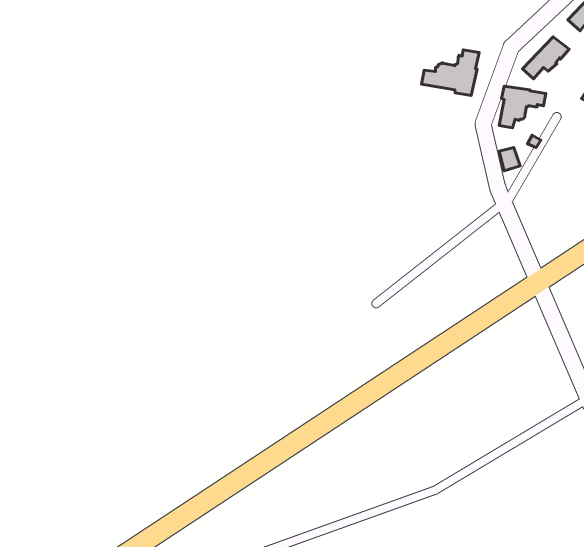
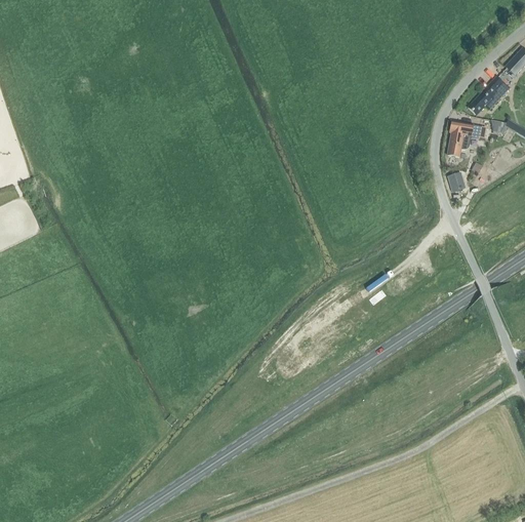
building: [421,50,479,95] -> none

